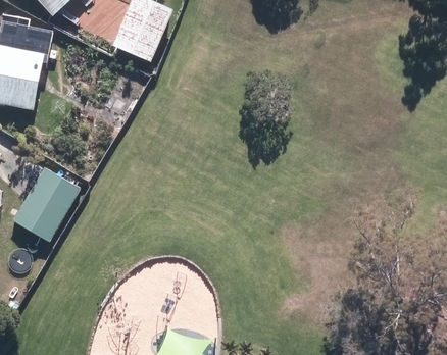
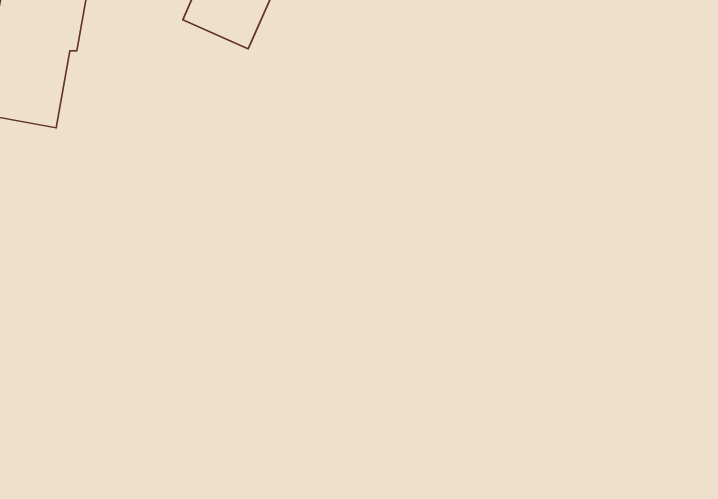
building: [10,169,77,241] -> none

